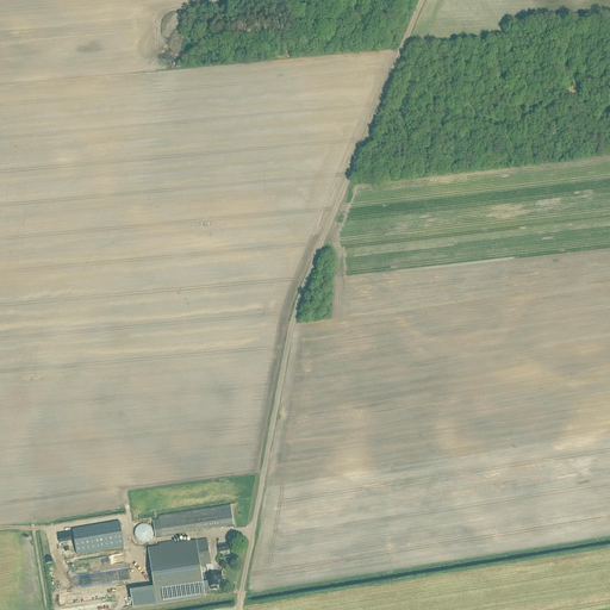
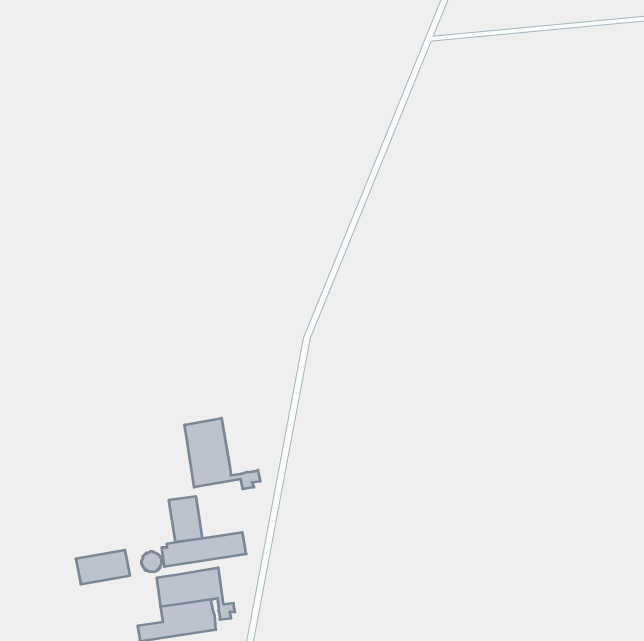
building: none -> [185,418,260,489]
building: none -> [169,496,202,542]

